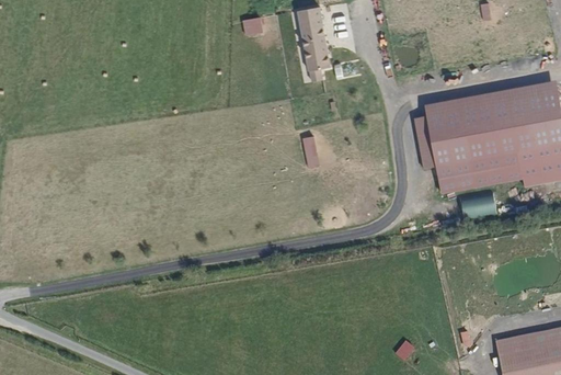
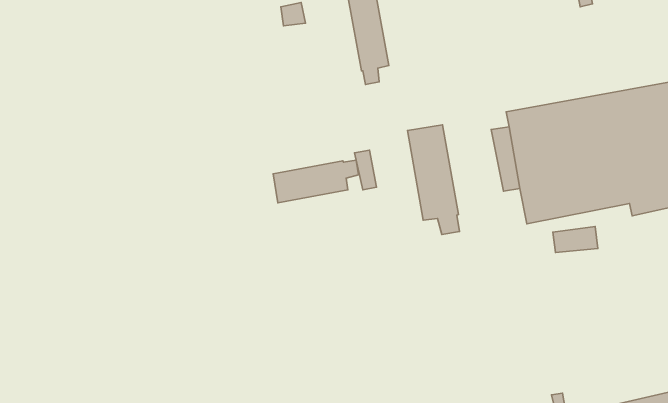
building: none -> [407,125,459,234]
building: none -> [273,160,359,203]

